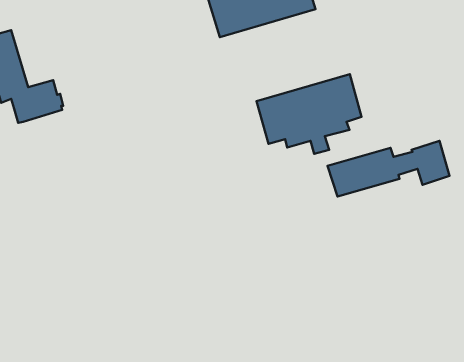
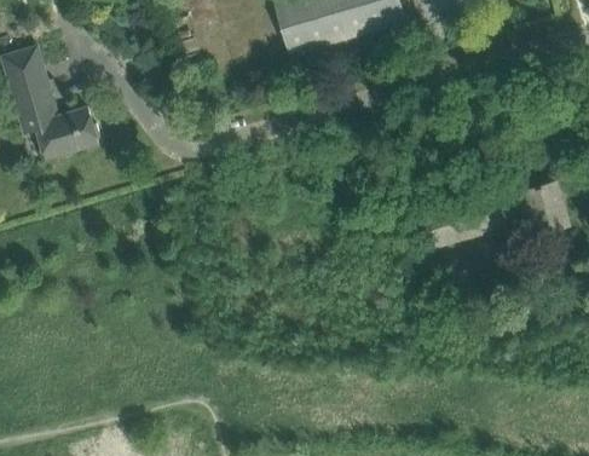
building: [257,74,362,154] -> none

